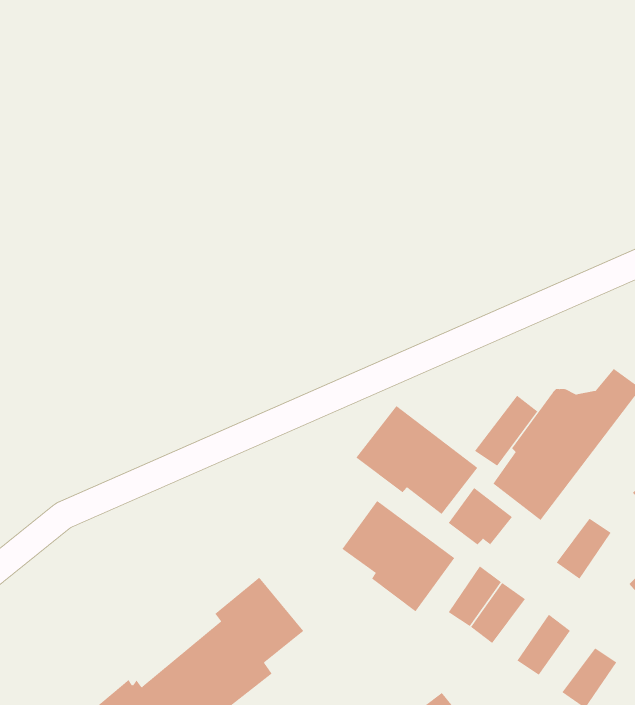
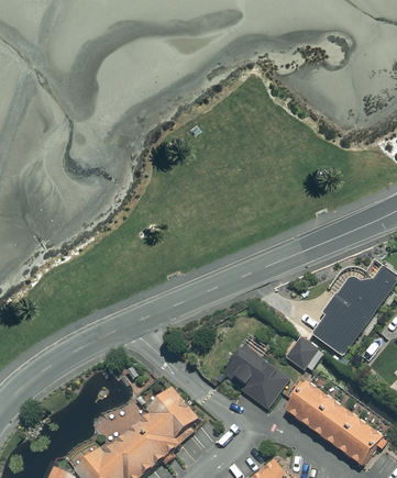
building: [474,395,538,467] -> none
building: [355,405,478,515] -> none
building: [556,518,612,579] -> [312,401,345,437]
building: none -> [340,420,373,456]

